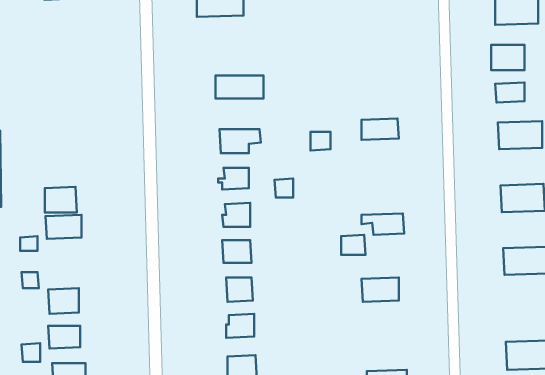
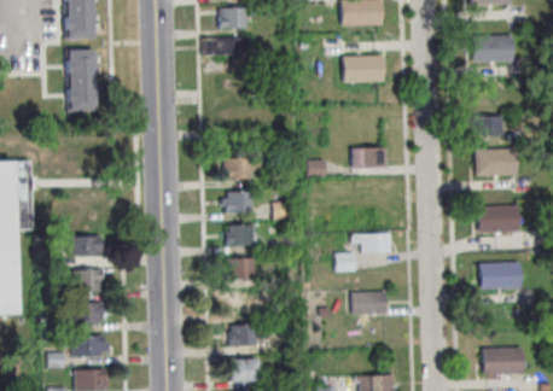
building: none -> [70,52,98,112]
building: none -> [345,57,384,83]
building: [45,187,77,212] -> [72,268,101,291]

